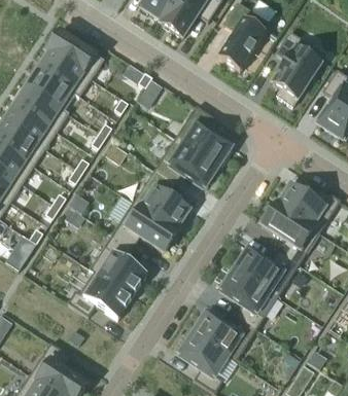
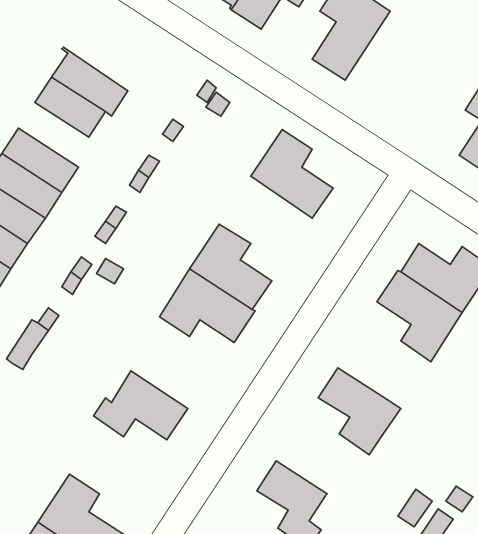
building: [46,29,104,78] -> none
building: [272,31,325,105] -> none
building: [15,86,68,131] -> none
building: [153,137,217,186] -> none
building: [89,233,147,296] -> none
building: [235,248,299,296] -> none
building: [193,312,256,361] -> none

